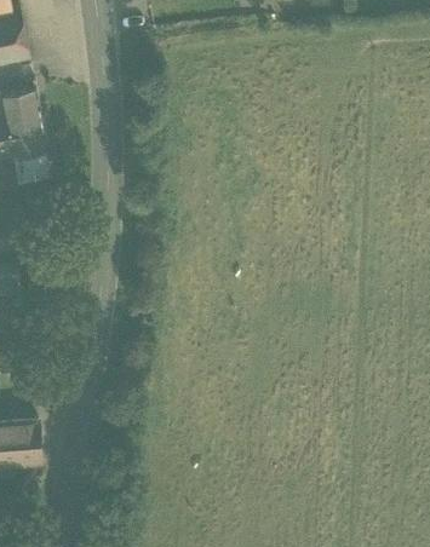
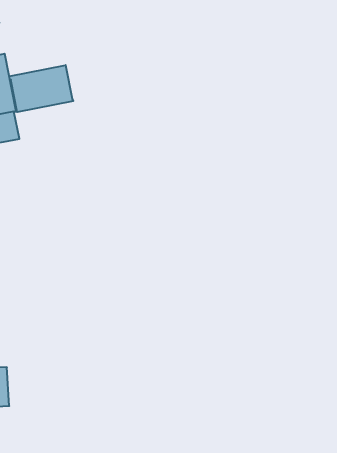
building: none -> [10,65,73,112]

